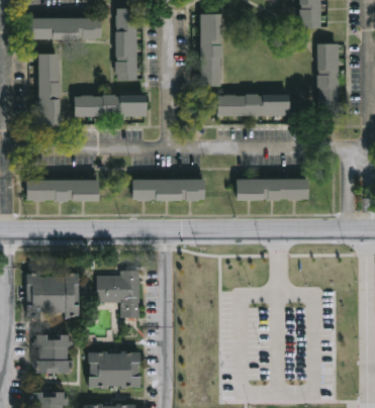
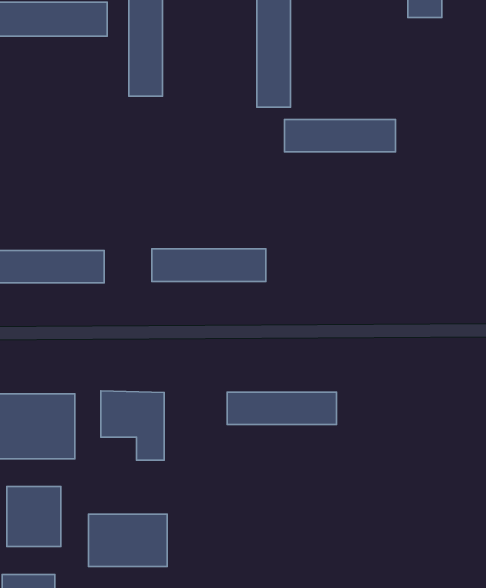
building: [316,43,338,115] -> none
building: [38,53,60,125] -> none
building: [74,94,147,116] -> none
building: [236,178,307,199] -> [227,392,337,425]

